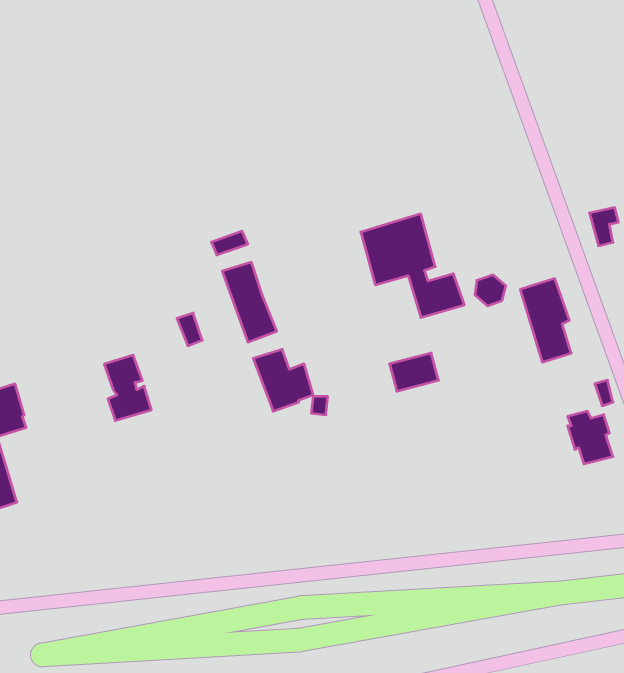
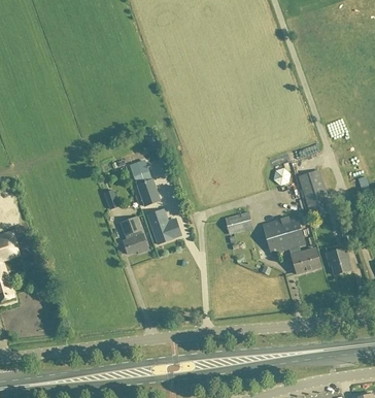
building: [361,214,464,317] -> [263,214,321,273]
building: [104,355,151,421] -> [121,217,147,254]

